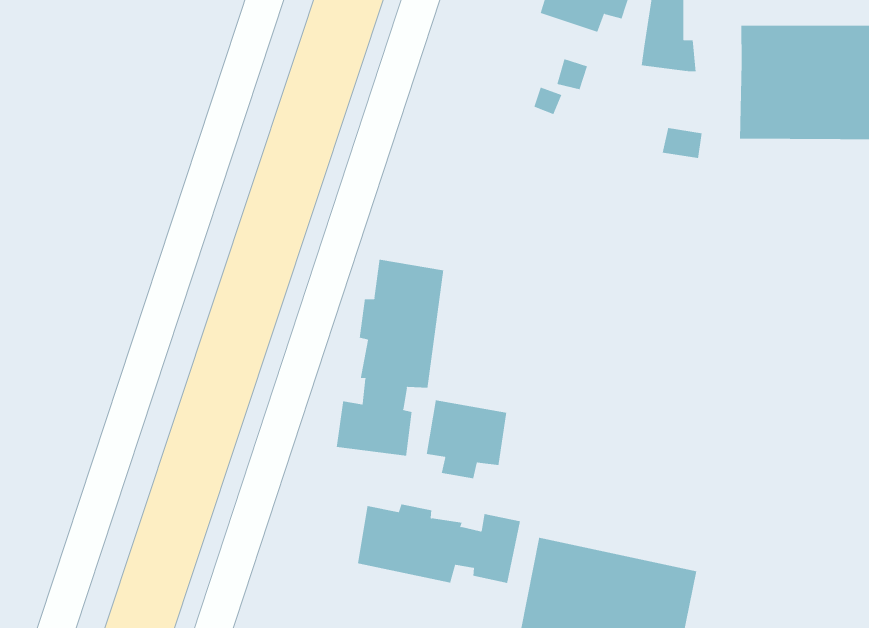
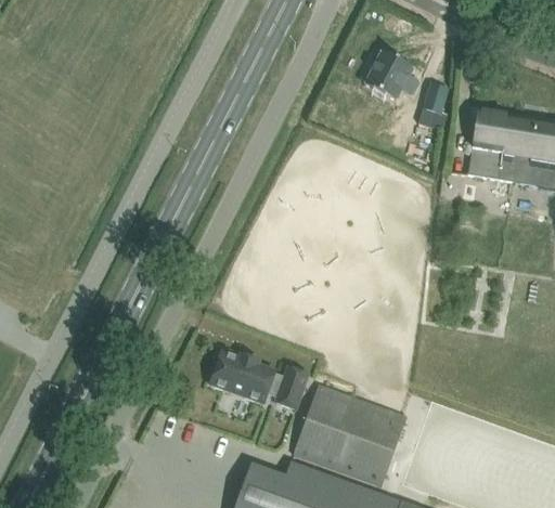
building: [336,259,444,456] -> none
building: [426,399,507,479] -> none

